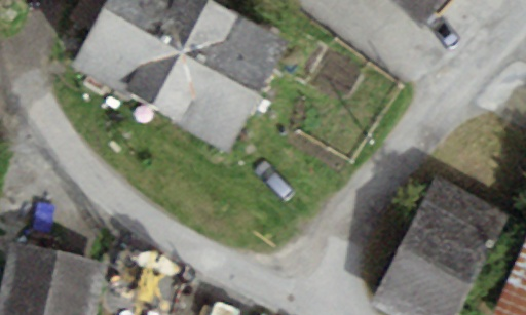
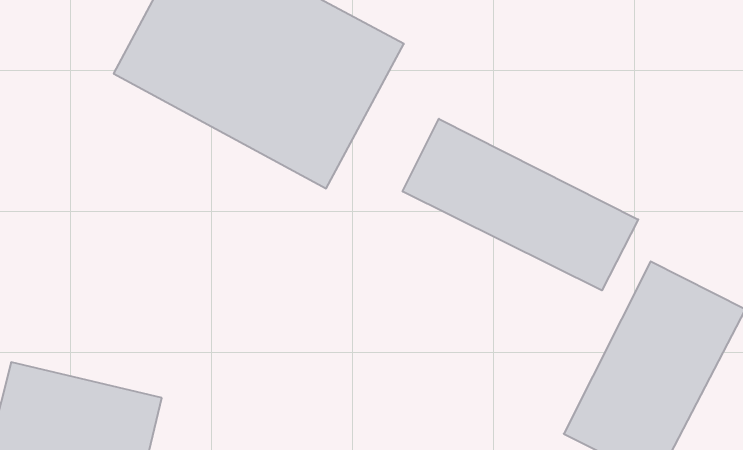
building: none -> [403,119,638,290]

